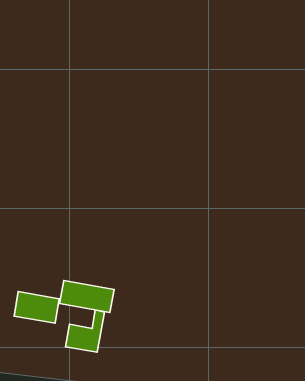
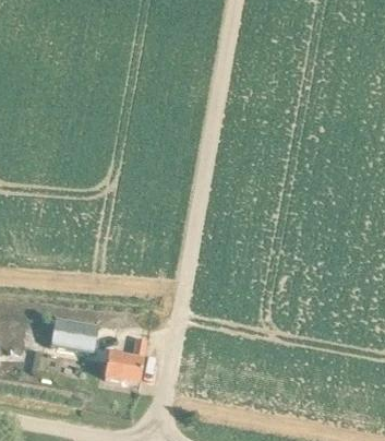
building: [60,280,114,312] -> none

